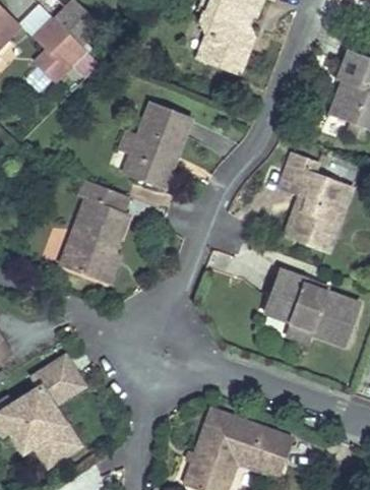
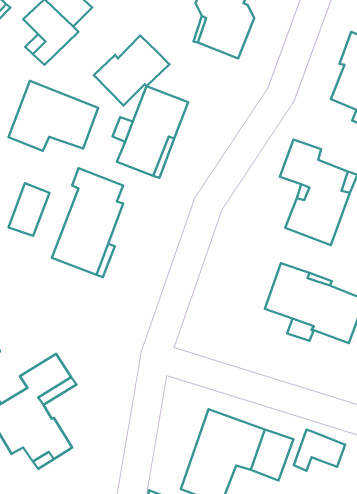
building: none -> [94,36,169,105]
building: none -> [8,81,98,151]
building: none -> [9,183,49,236]
building: none -> [294,429,345,471]

